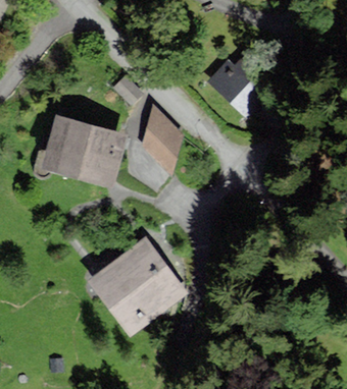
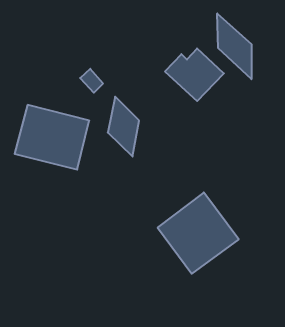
building: none -> [217,13,251,79]
building: [92,239,182,329] -> [158,192,239,274]

